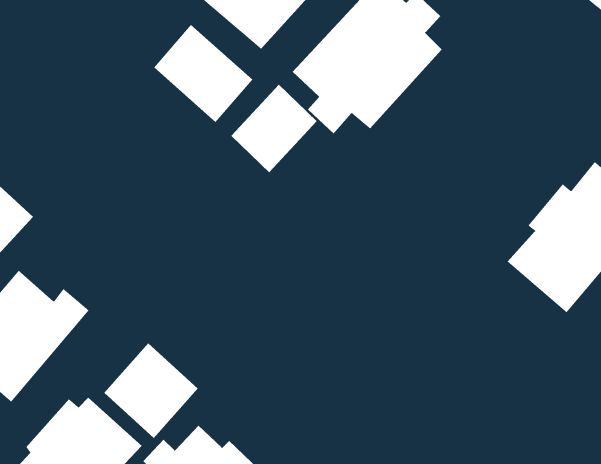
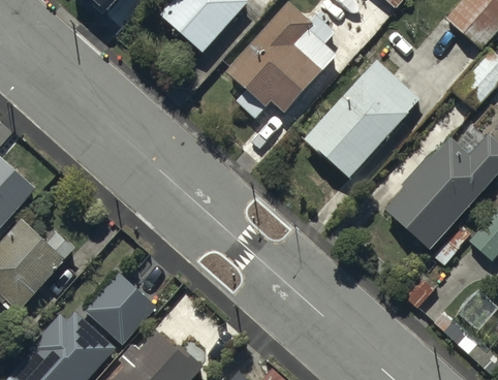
building: [153,24,253,123] -> none
building: none -> [304,60,421,181]
building: [231,84,317,173] -> none

